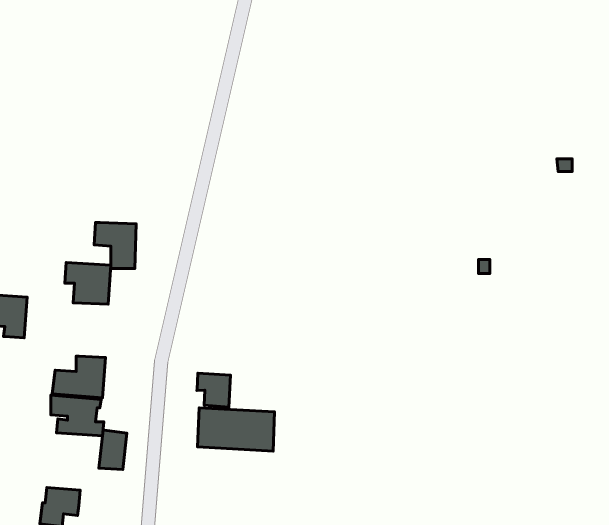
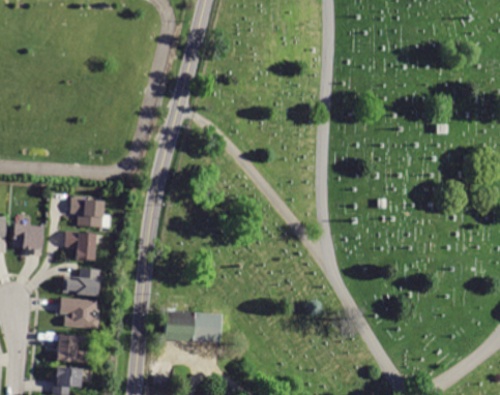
building: [94,222,136,269] -> [66,231,97,265]
building: [197,373,231,407] -> none
building: [99,430,127,469] -> [58,335,79,364]

